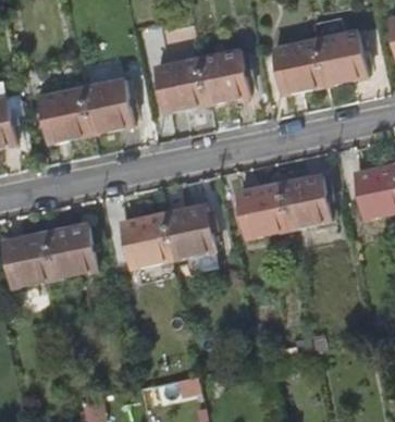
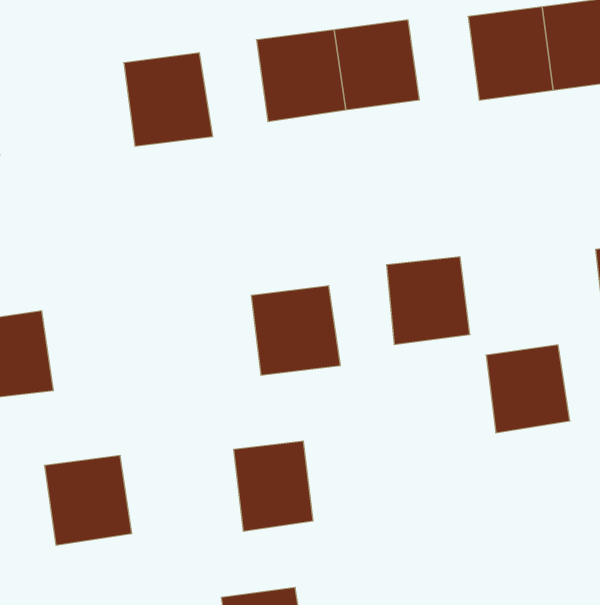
building: [38,88,89,144] -> none
building: [277,175,328,227] -> [486,345,570,433]
building: [122,214,170,268] -> [234,441,313,531]
building: [44,223,96,276] -> [44,456,132,545]

